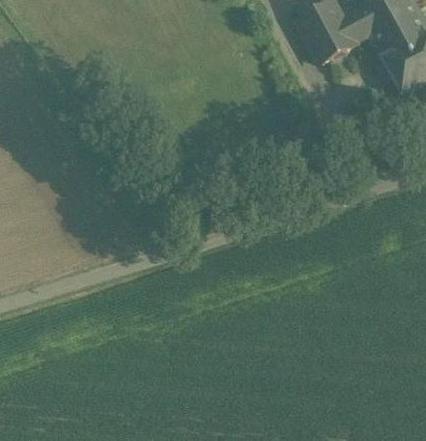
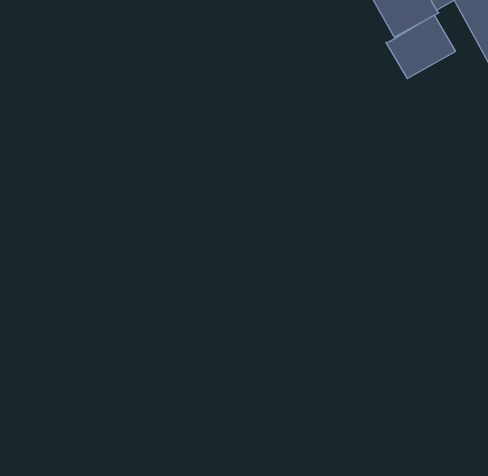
building: none -> [386,15,456,79]

